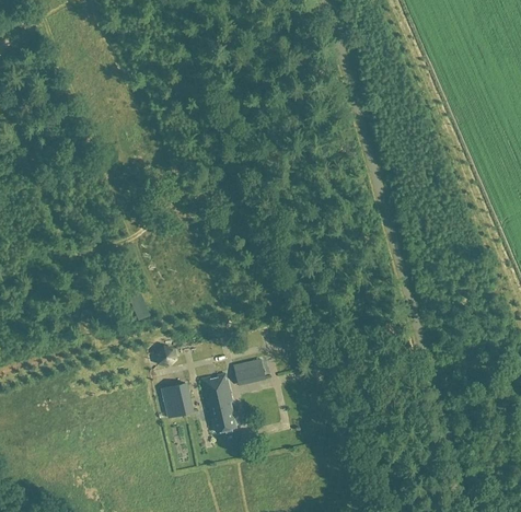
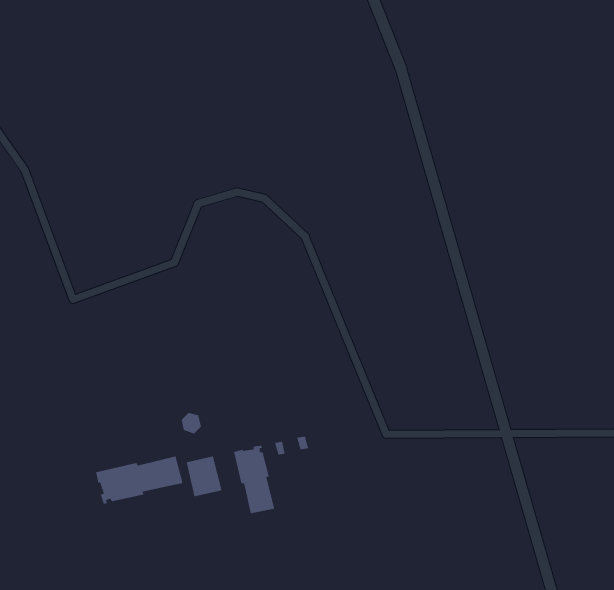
building: none -> [95,456,184,504]

